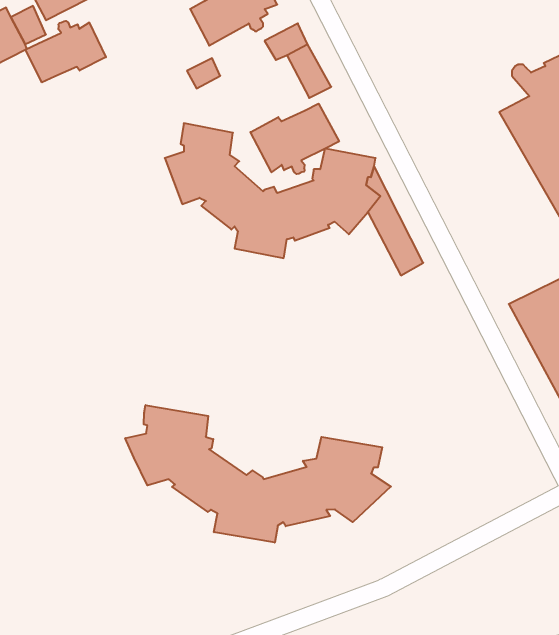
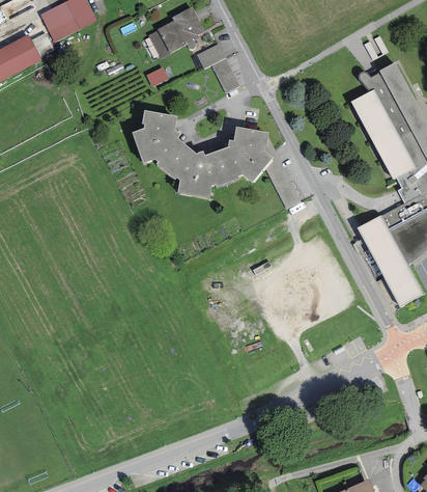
building: [25,21,106,82] -> none
building: [250,104,339,174] -> none
building: [125,405,391,543] -> none

